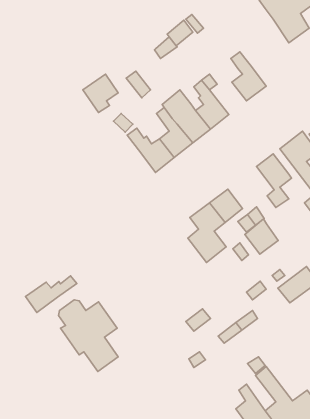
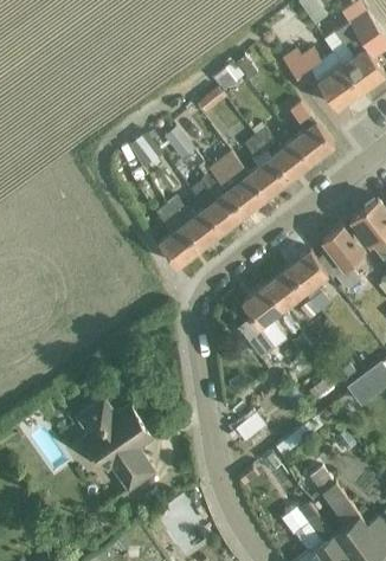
building: none -> [283,50,360,109]
building: none -> [270,141,309,180]
building: none -> [155,205,199,267]
building: [245,219,278,254] -> [287,251,327,294]
building: [26,276,77,313] -> none

